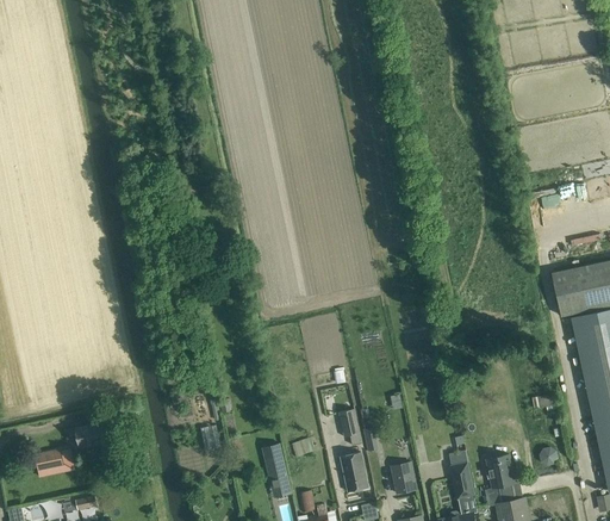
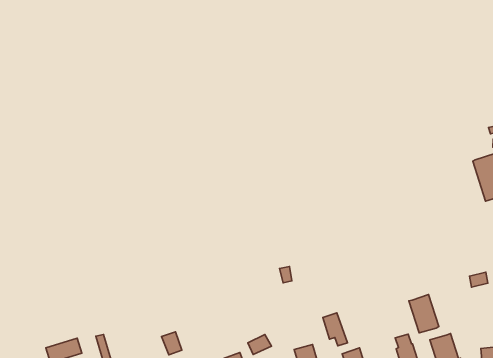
building: [340,410,363,446] -> [323,313,348,346]
building: none -> [409,294,439,333]

